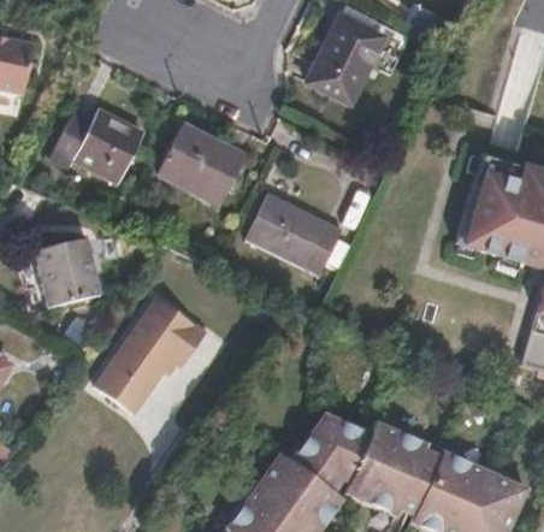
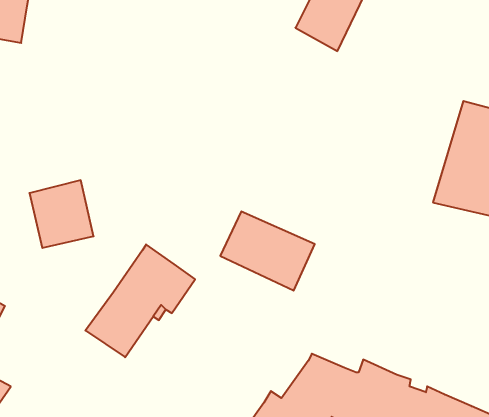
building: [52,106,147,182] -> none
building: [154,122,244,203] -> none
building: [244,191,342,273] -> [220,211,315,291]

